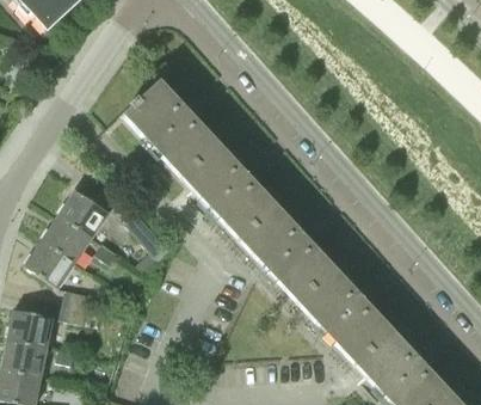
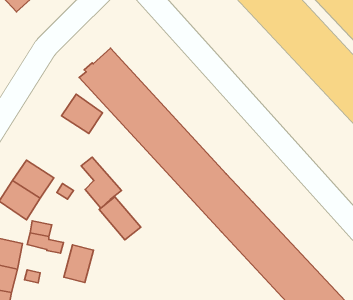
building: [58,189,109,237] -> [61,94,103,134]
building: none -> [99,197,141,240]
building: none -> [64,245,94,282]

